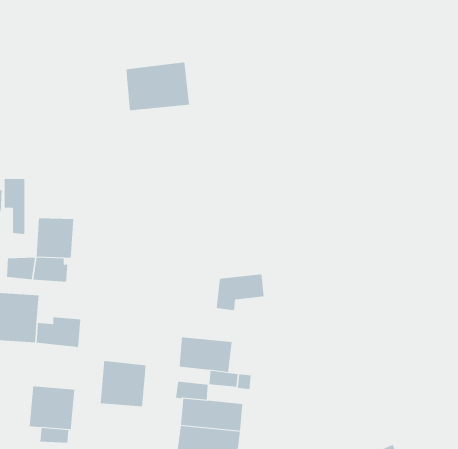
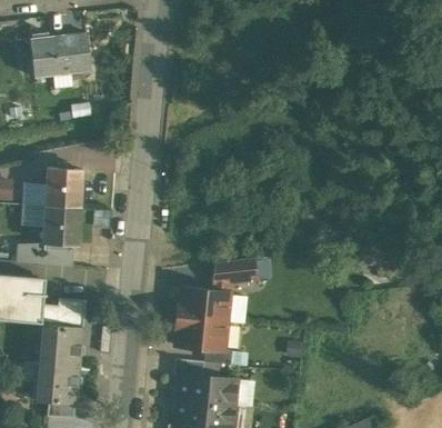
building: [126,62,190,111] -> [29,31,89,77]
building: none -> [44,168,80,207]
building: none -> [178,288,228,321]
building: [100,360,146,407] -> [39,322,82,366]

